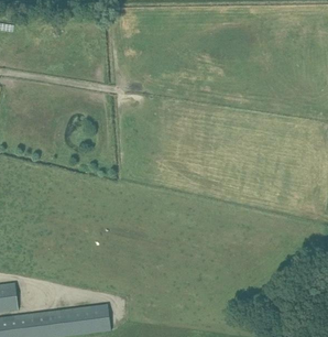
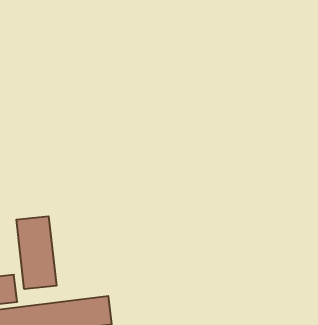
building: none -> [16,216,56,289]

